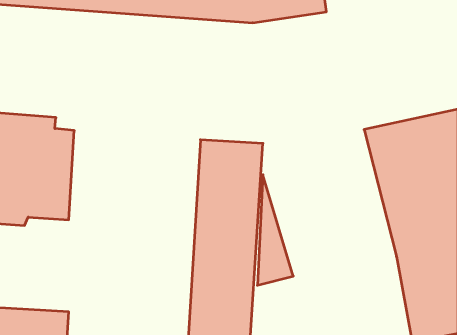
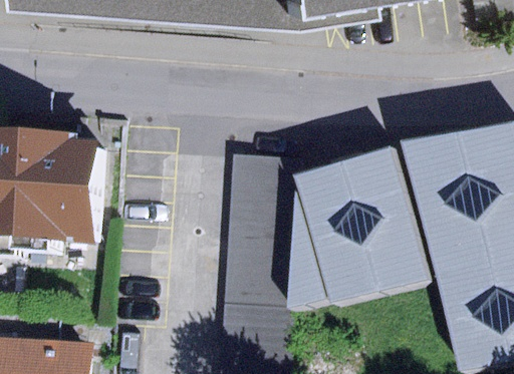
building: none -> [301,148,440,309]

